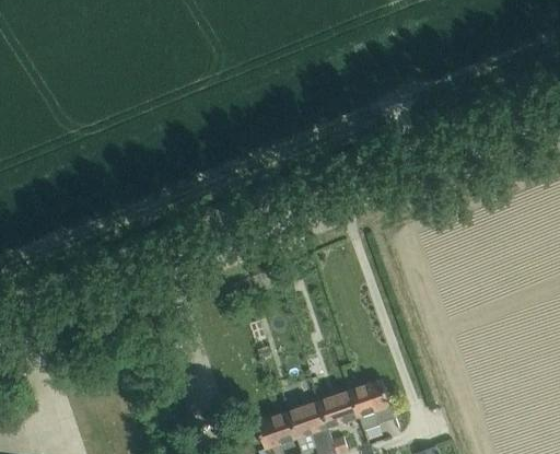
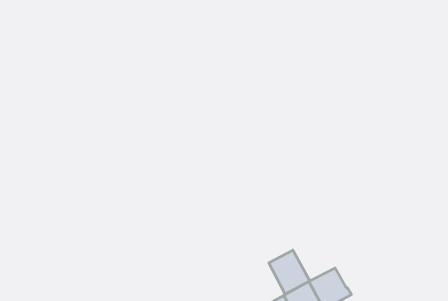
building: none -> [269,250,309,294]

